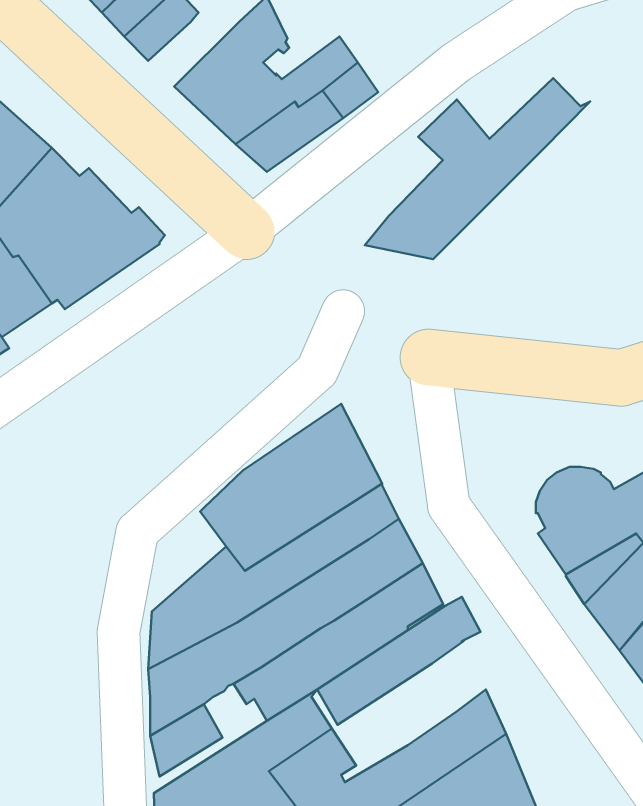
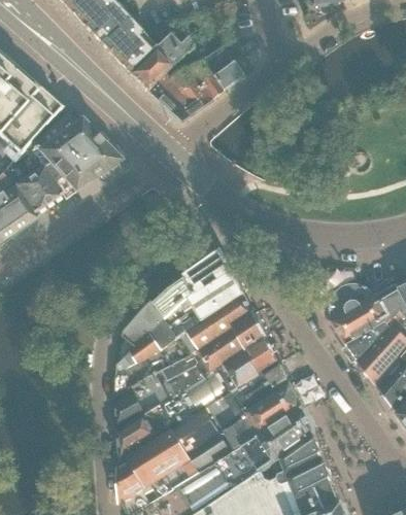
building: none -> [114,36,156,72]
building: [365,78,590,259] -> none
building: none -> [116,308,158,364]
building: none -> [223,383,302,450]

